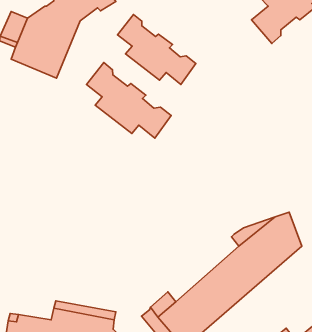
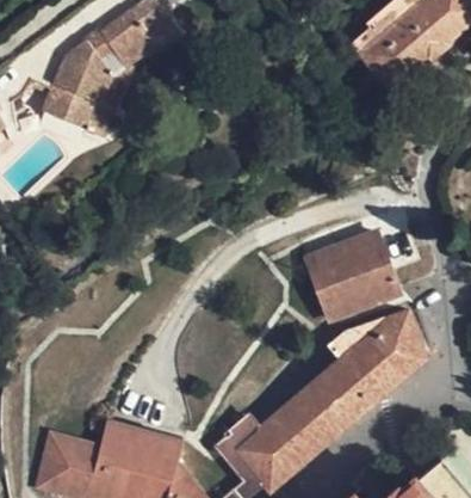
building: [118,14,196,85] -> none
building: [86,63,171,138] -> none
building: none -> [306,230,399,319]

